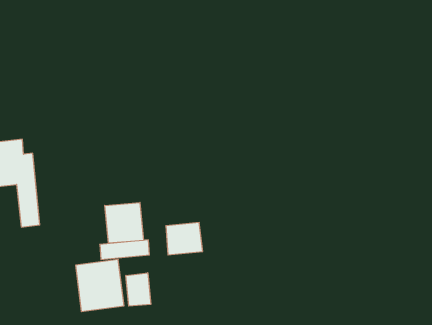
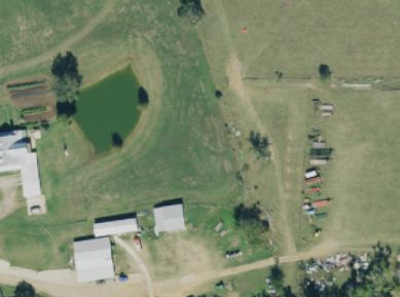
building: [105,202,143,243] -> none
building: [126,273,151,306] -> none

